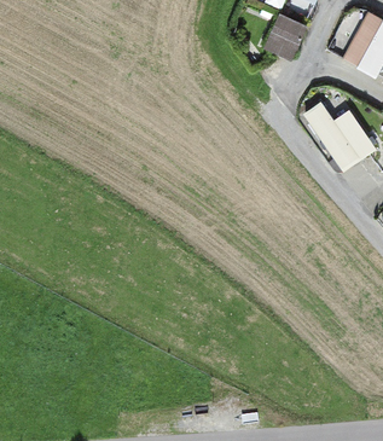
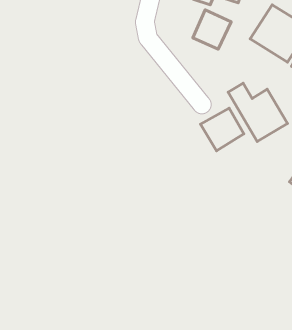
building: none -> [201,108,244,151]

